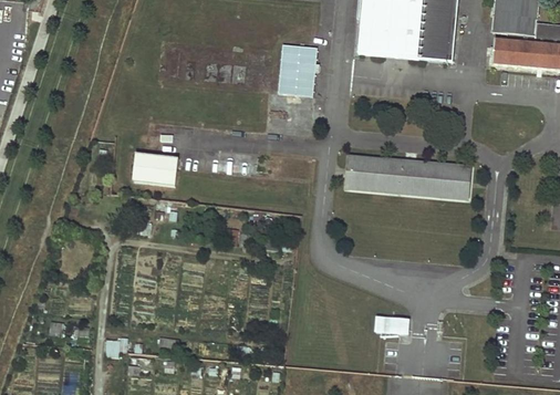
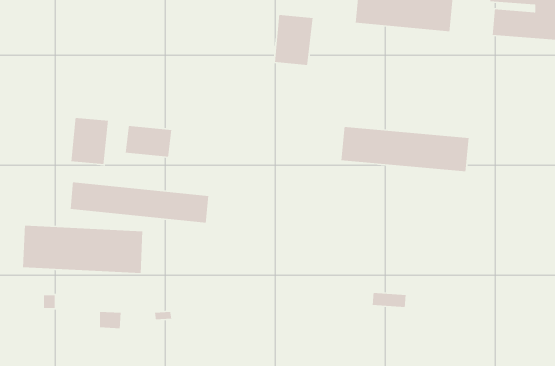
building: none -> [70,117,109,165]
building: none -> [70,181,209,223]
building: none -> [22,225,143,274]

